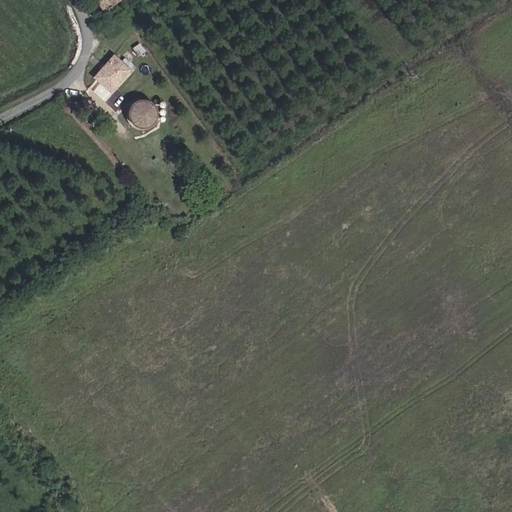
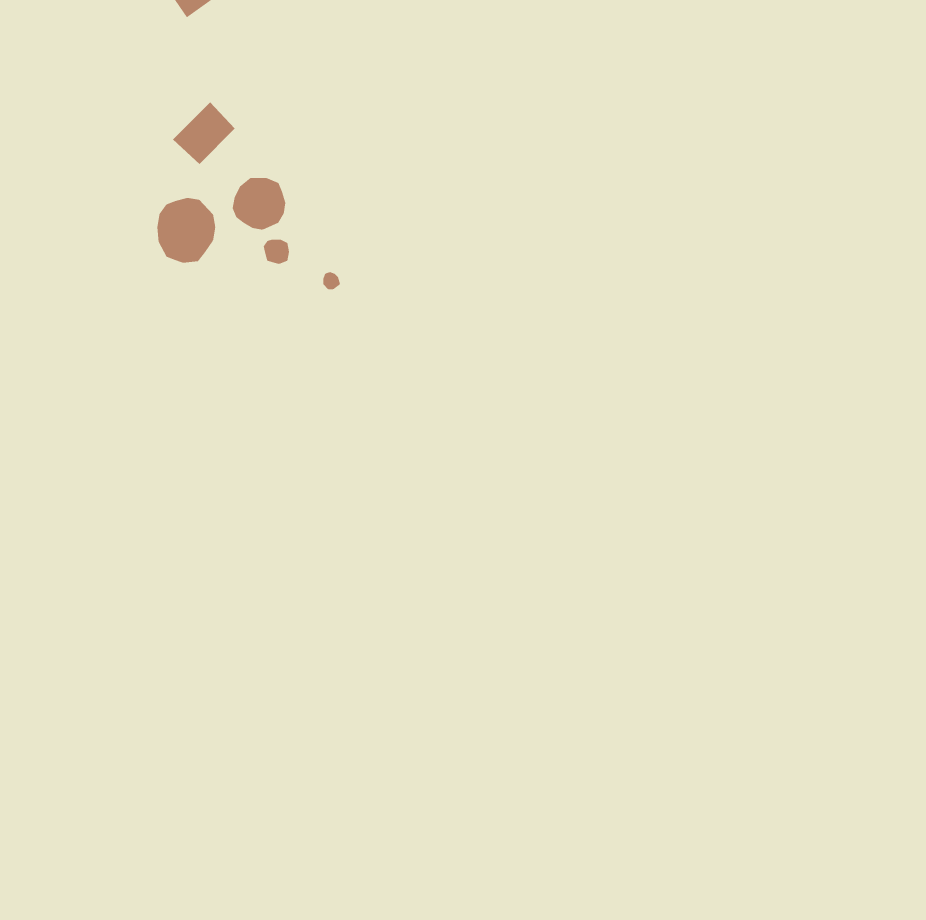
building: none -> [157,197,216,264]

